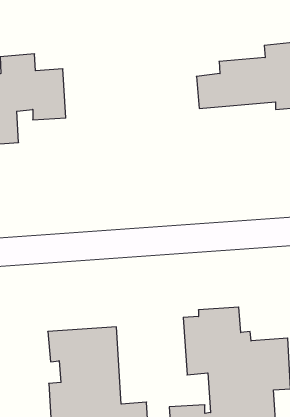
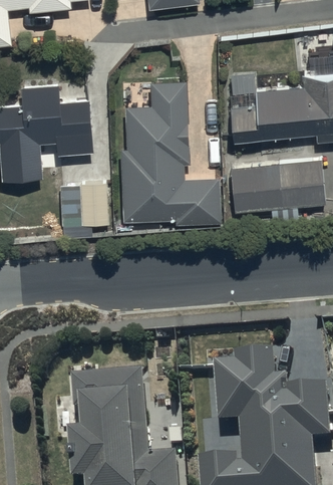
building: none -> [121,81,222,226]
building: none -> [230,158,324,220]
building: none -> [60,184,109,226]

